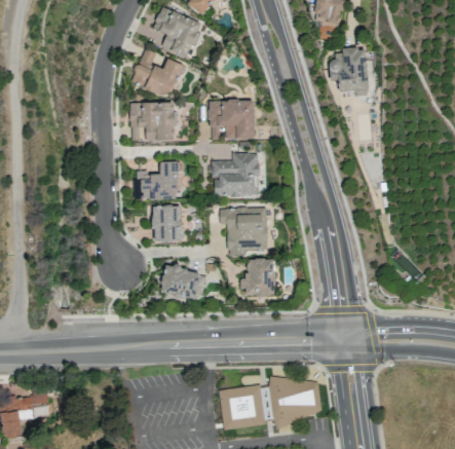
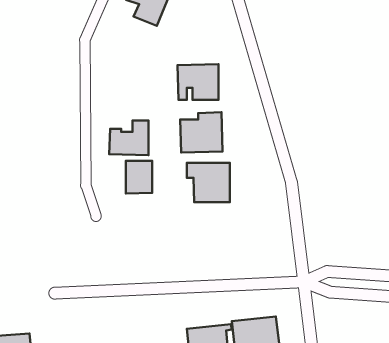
building: [330,47,369,96] -> none
building: [132,48,183,97] -> none
building: [130,102,175,141] -> none
building: [247,258,275,295] -> none
building: [161,266,206,297] -> none

